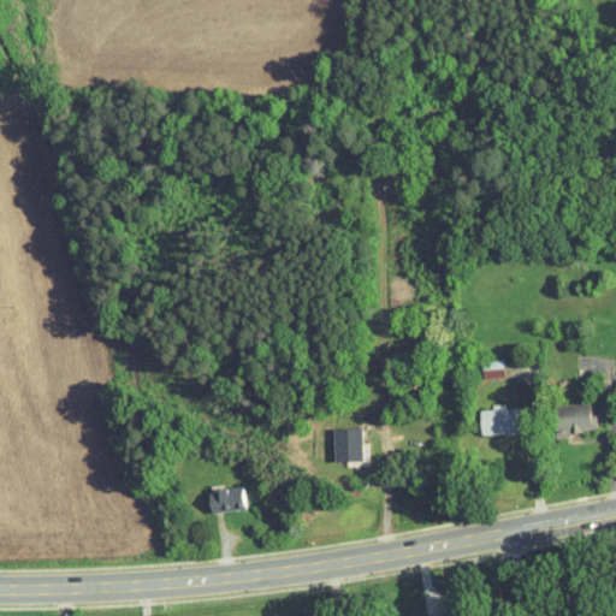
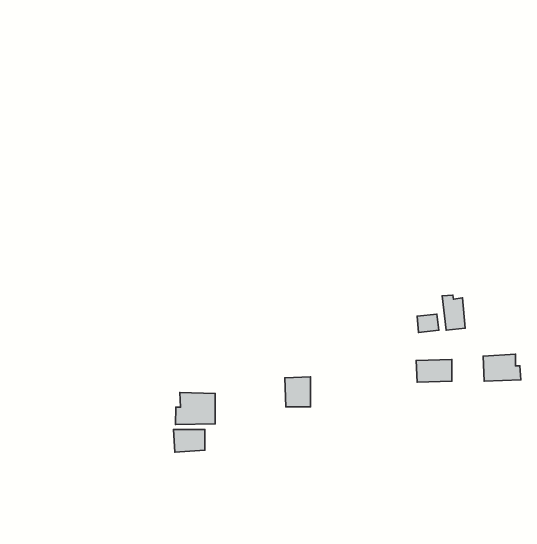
building: none -> [442,295,465,330]
building: none -> [175,393,215,424]

